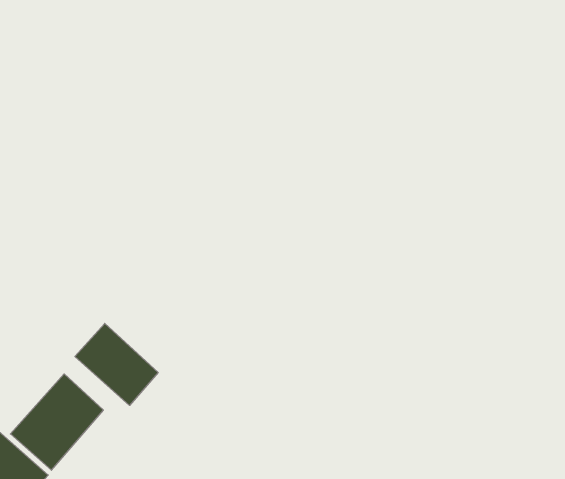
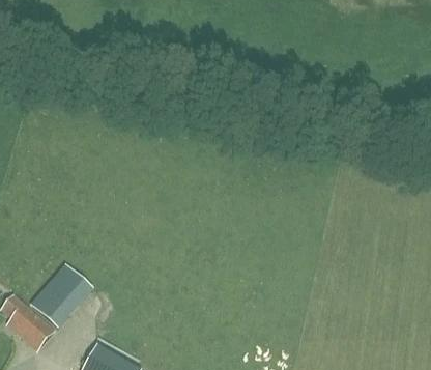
building: [75,323,158,405] -> none

